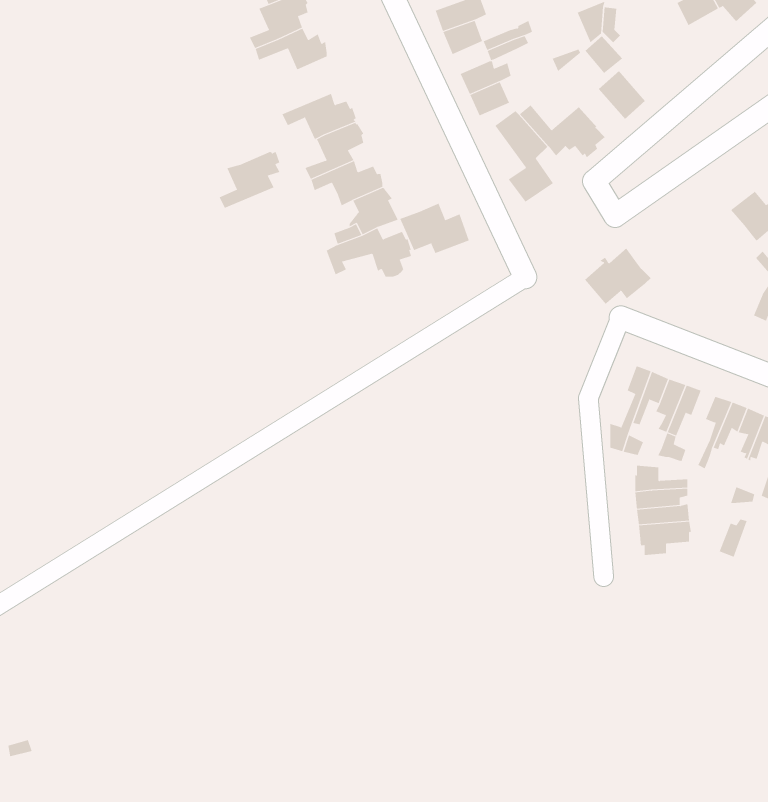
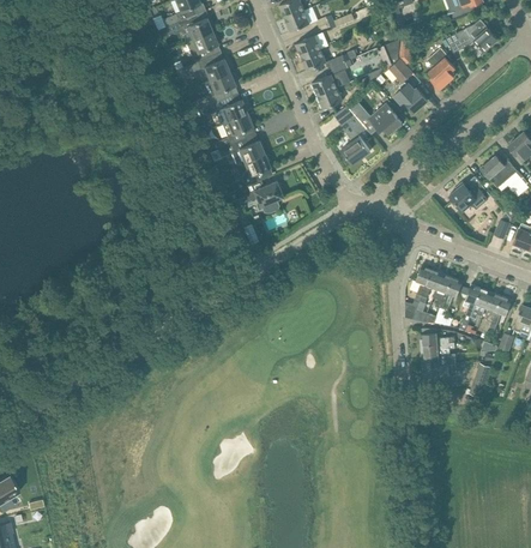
building: none -> [428,48,454,89]
building: [219,151,280,209] -> [197,72,235,108]
building: [400,202,470,254] -> none
building: [584,247,651,305] -> [449,175,491,211]

